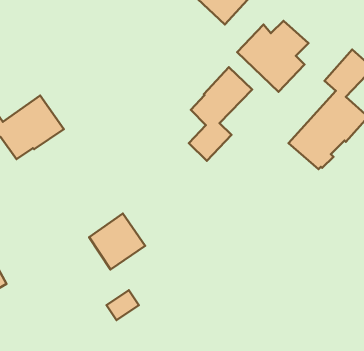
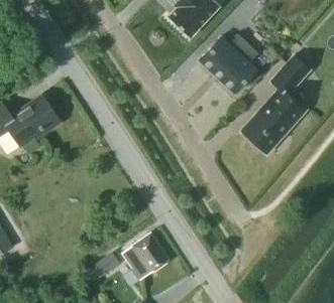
building: [189,67,252,161] -> none
building: [89,213,145,270] -> [123,234,169,279]

